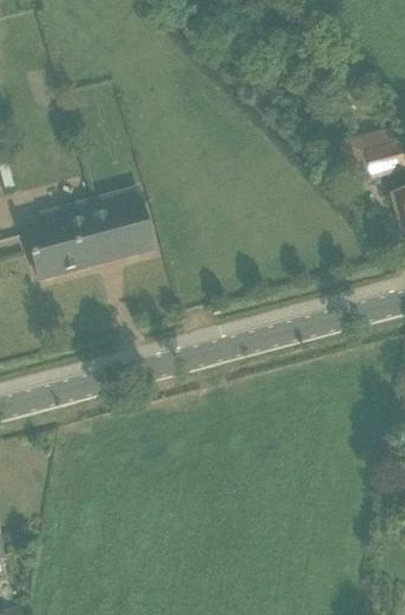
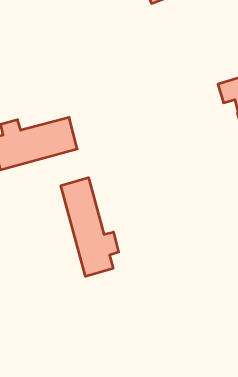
building: none -> [61,178,119,276]

